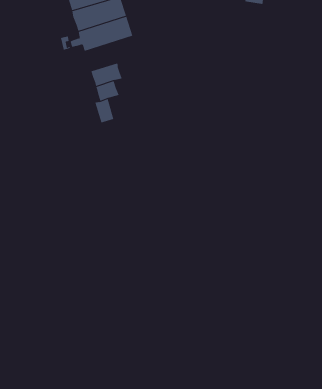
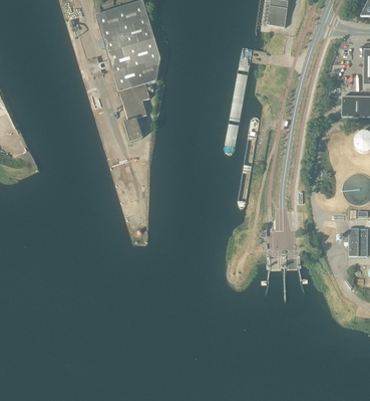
building: none -> [112,56,159,90]

